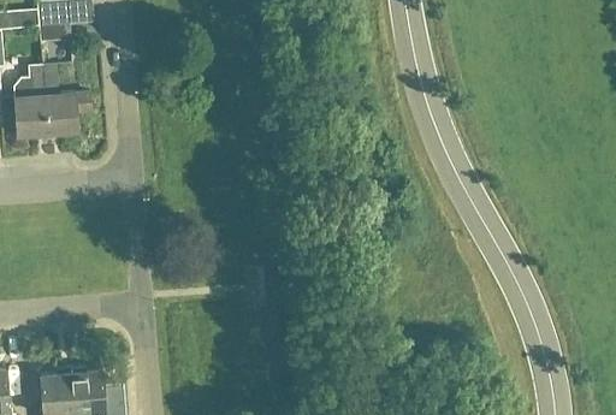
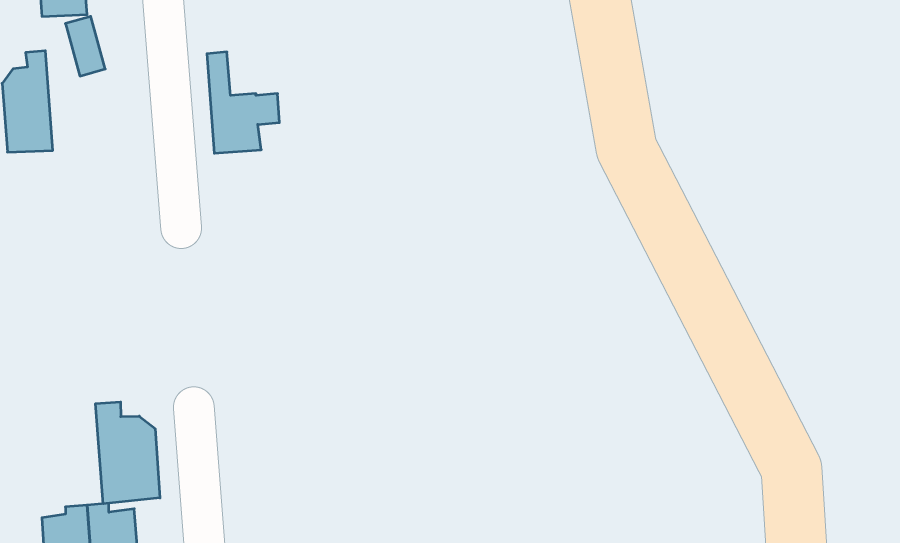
building: [43,63,91,130] -> [207,52,279,153]
building: none -> [96,402,160,504]

